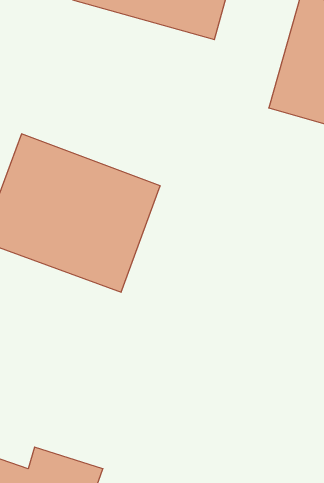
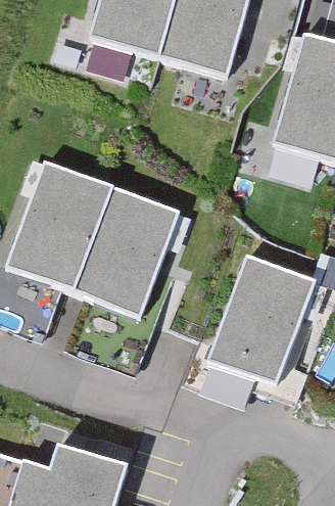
building: none -> [211,256,314,381]

